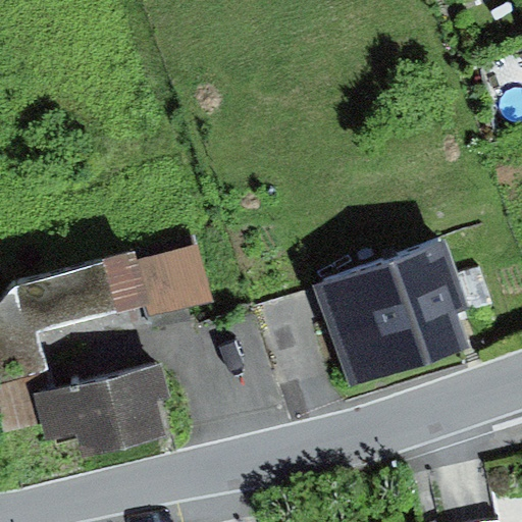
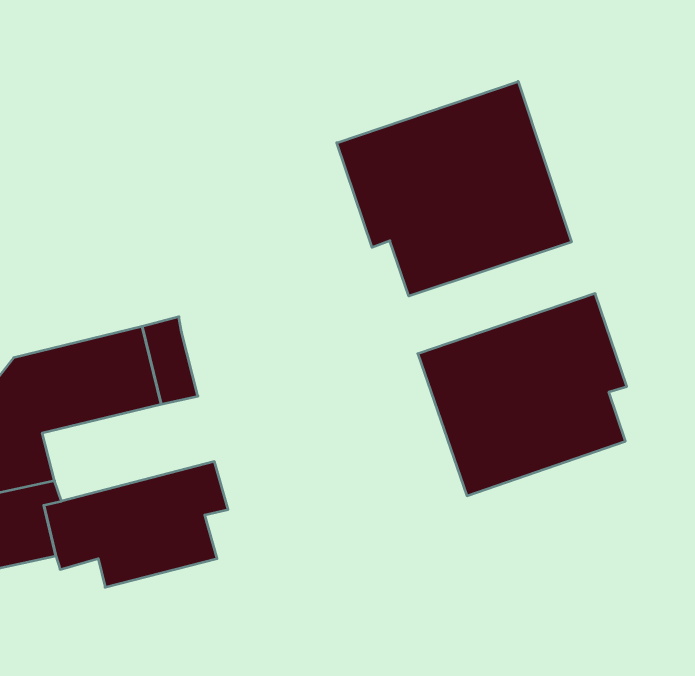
building: none -> [337,81,571,296]
building: [136,250,210,318] -> none

